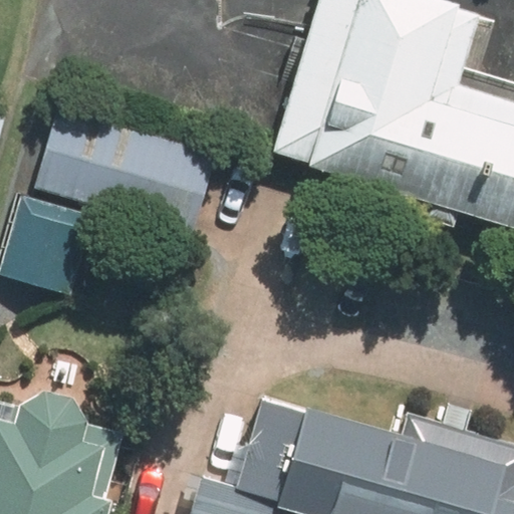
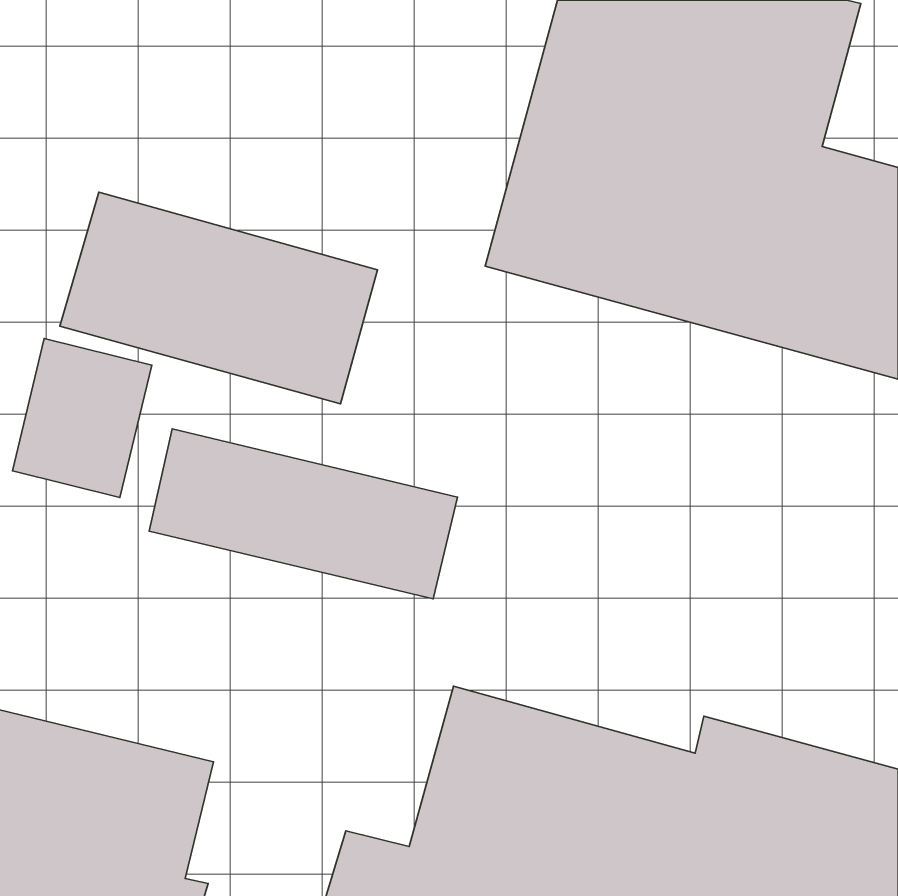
building: none -> [149,429,458,599]

